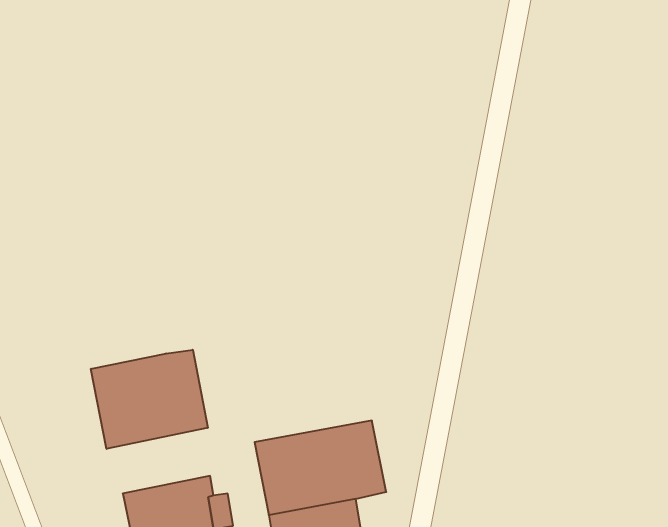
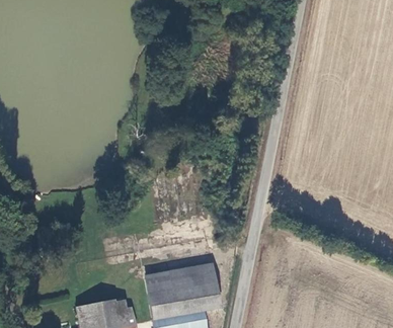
building: [91,350,208,449] -> none

